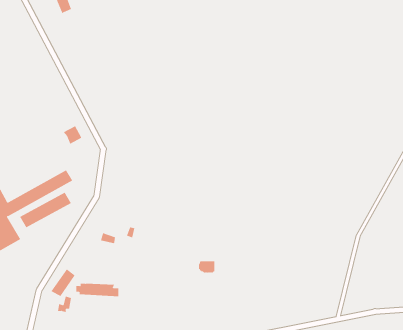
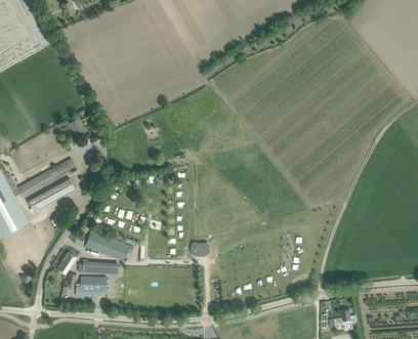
building: none -> [84,231,132,261]
building: none -> [75,277,106,292]

